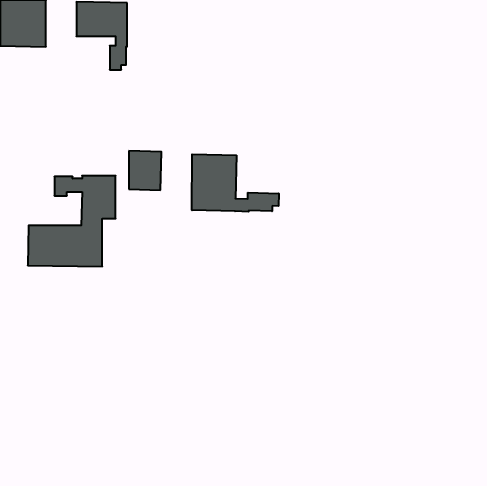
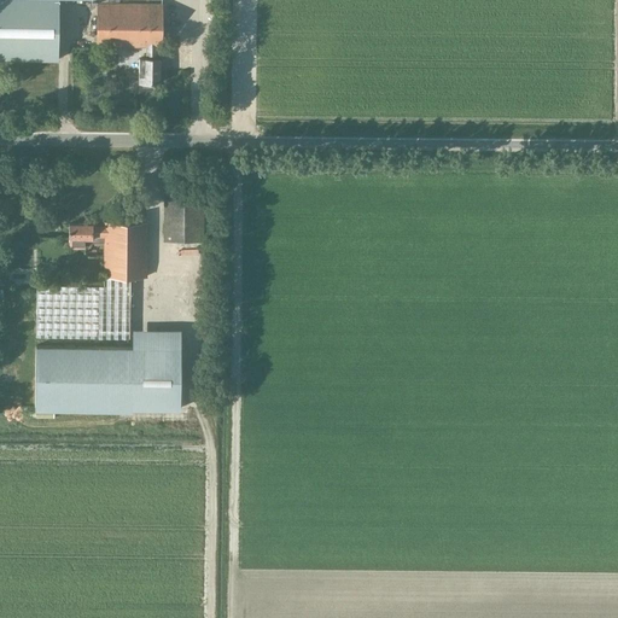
building: [192,154,279,212] -> none
building: none -> [35,331,181,410]

